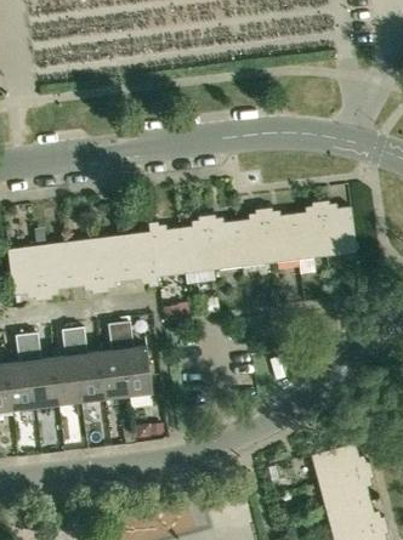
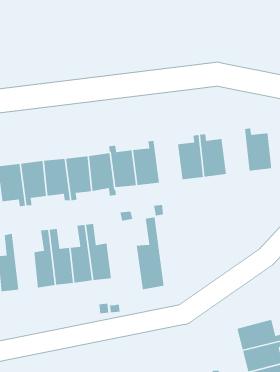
building: [293,201,327,274] -> none
building: [206,215,242,271] -> none
building: none -> [136,217,165,290]
building: [27,332,58,407] -> none

